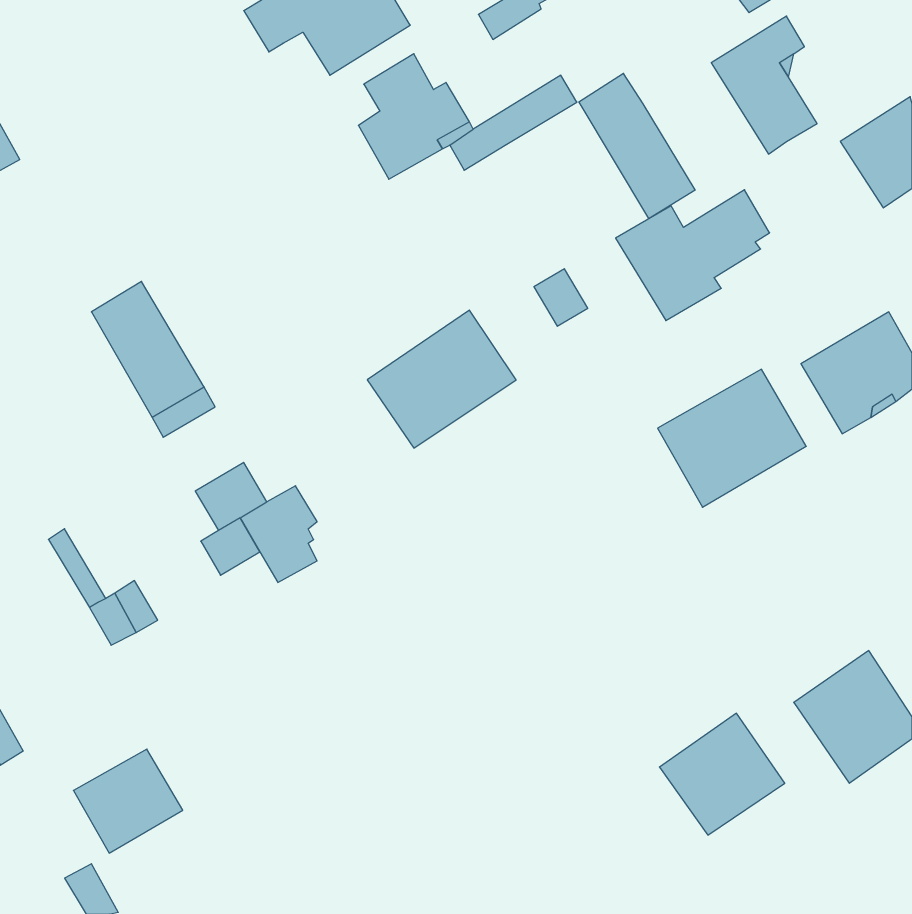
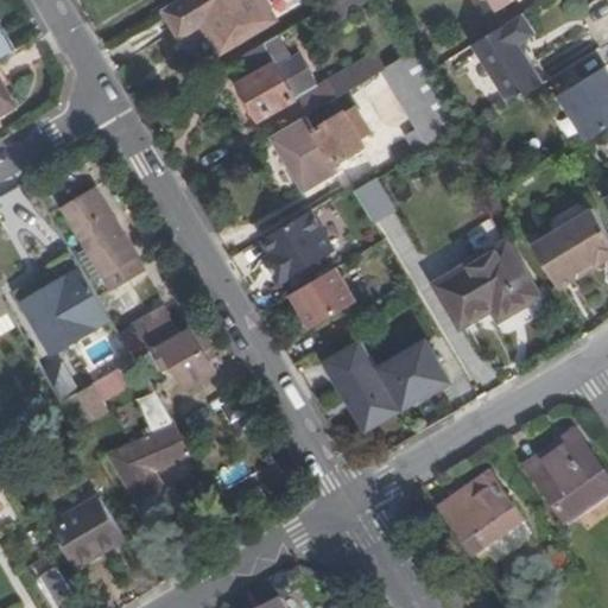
building: [616,190,770,321] -> [267,104,369,191]
building: none -> [290,266,355,327]
building: none -> [20,267,108,353]
building: none -> [325,340,448,428]
building: none -> [113,398,190,511]

